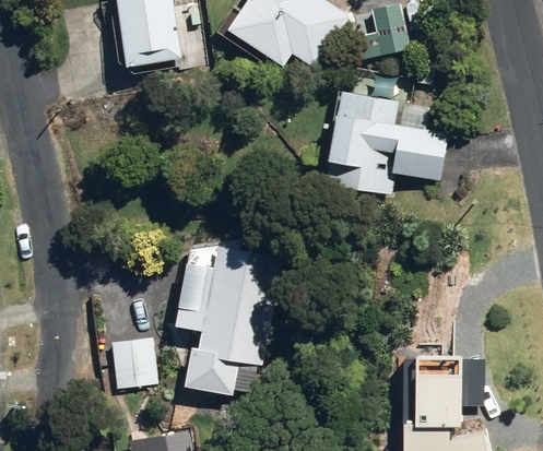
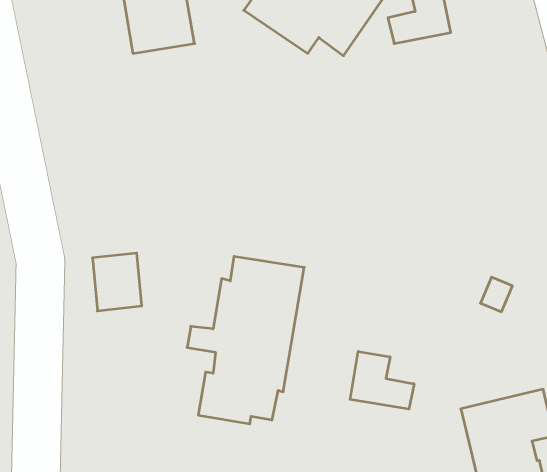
building: [323,90,446,192] -> none
building: none -> [350,351,414,409]
building: [109,336,153,388] -> [92,253,142,311]

